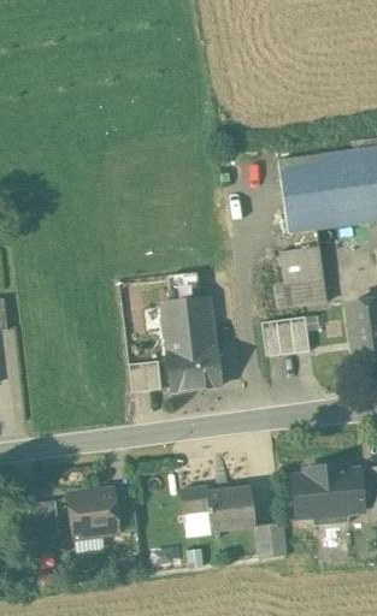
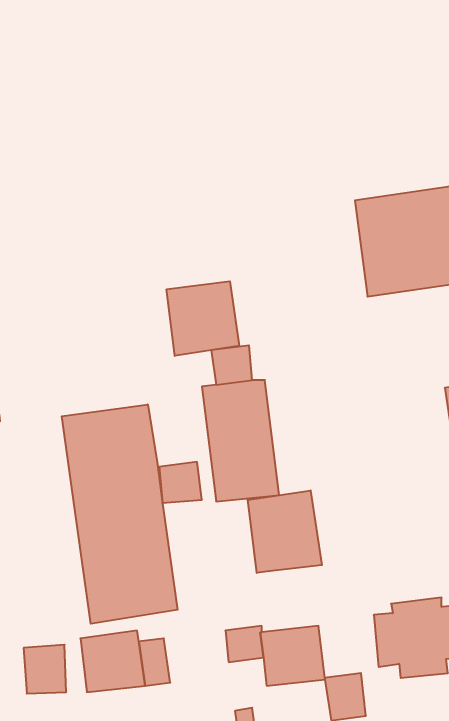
building: none -> [167,281,239,356]
building: [275,245,326,308] -> none
building: [261,315,310,355] -> none
building: none -> [62,404,178,624]
building: none -> [248,490,322,573]

